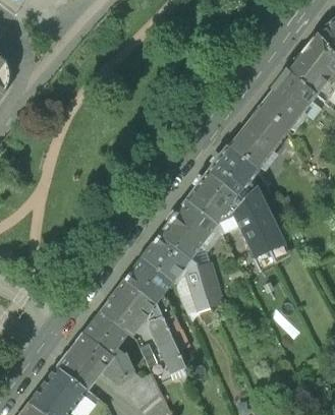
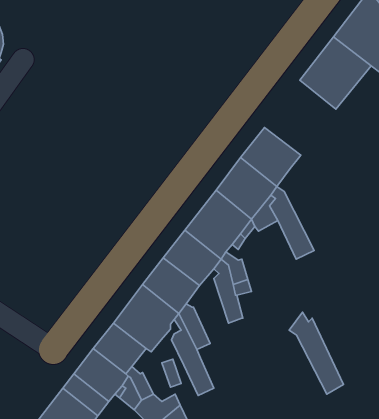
building: [227,107,287,170] -> none
building: [237,181,283,250] -> [289,312,344,394]

